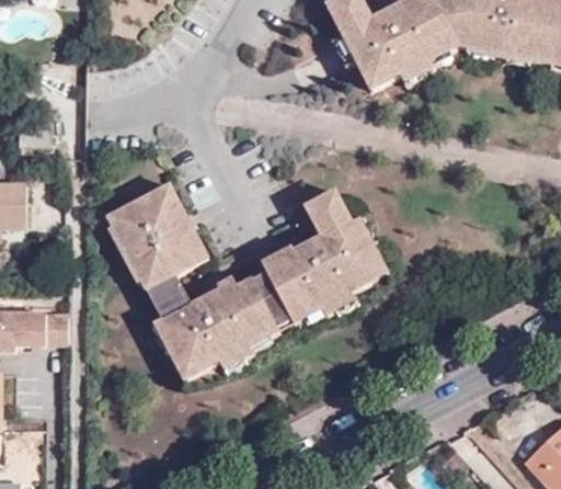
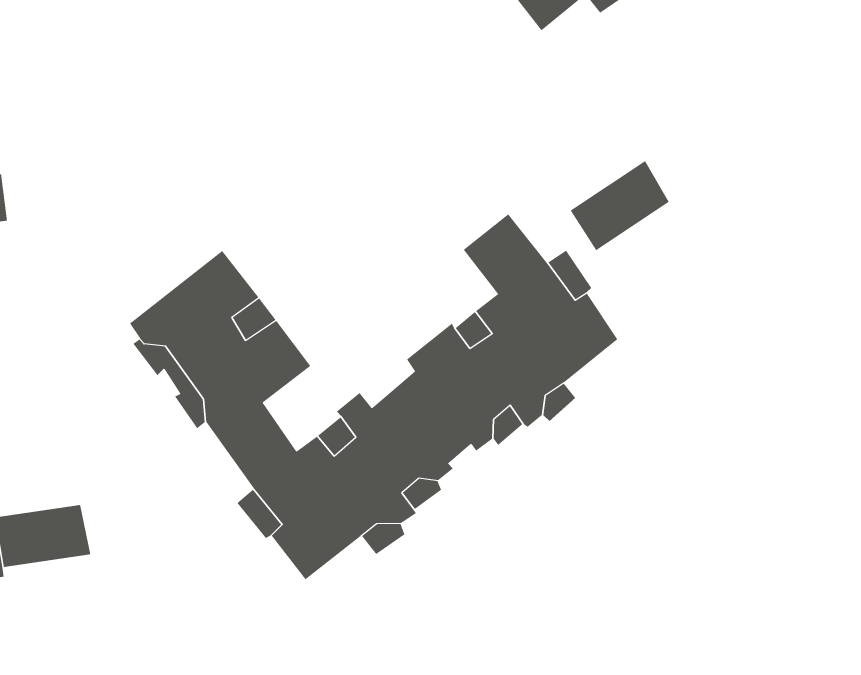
building: none -> [570,160,670,251]

